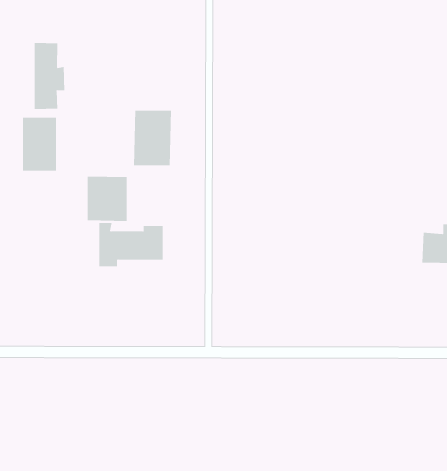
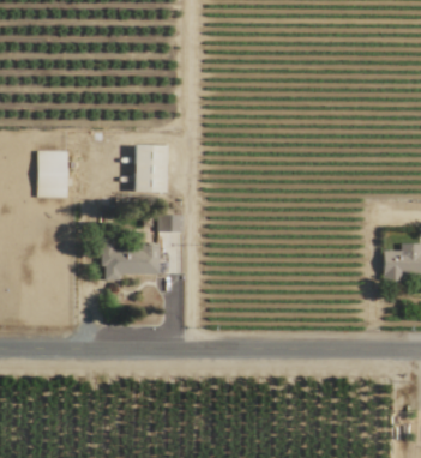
building: [34,42,65,110] -> none
building: [87,176,127,222] -> none

